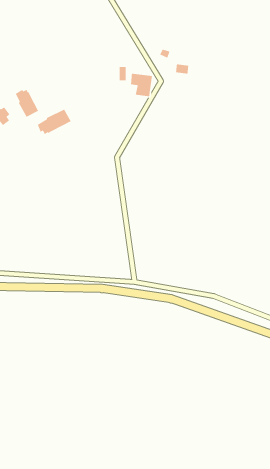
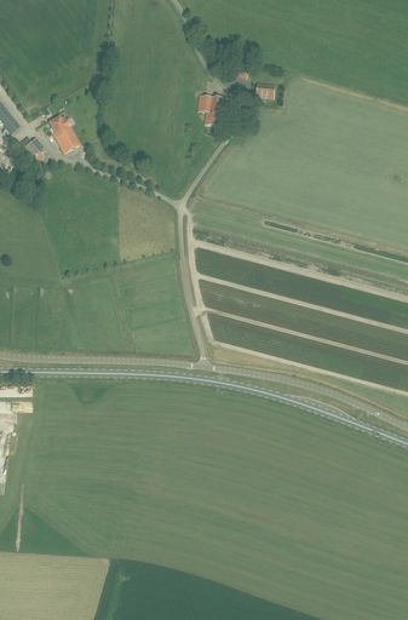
building: [37,108,72,135] -> none

